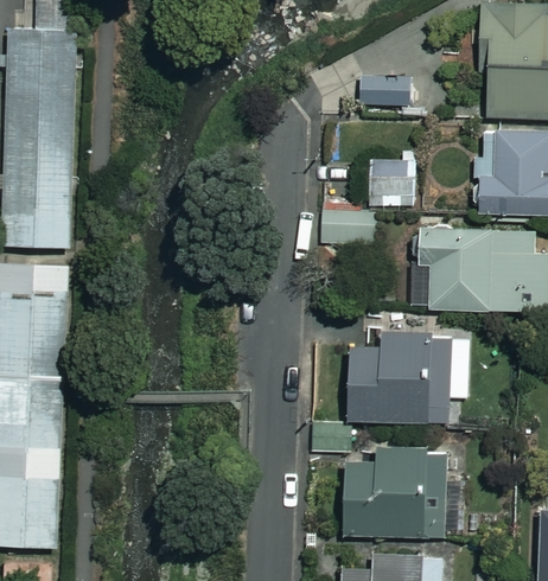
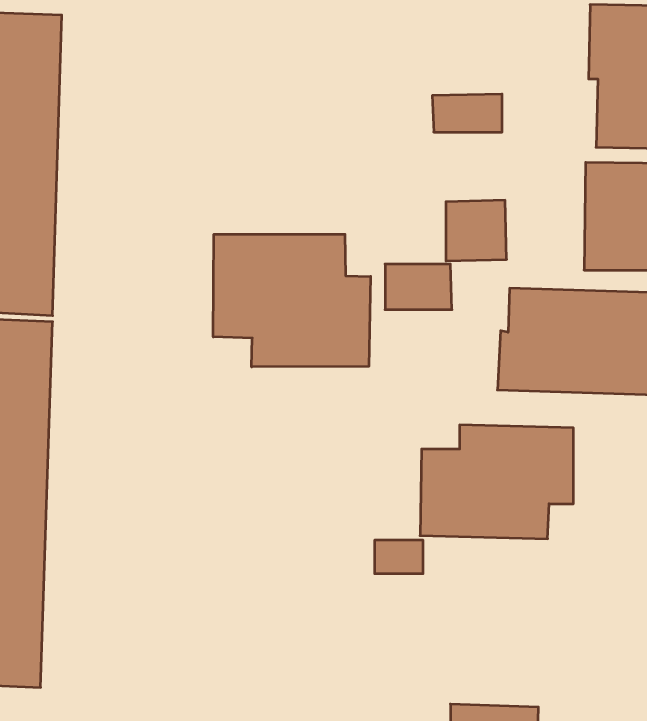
building: none -> [213,234,371,367]
building: [345,448,451,536] -> none

